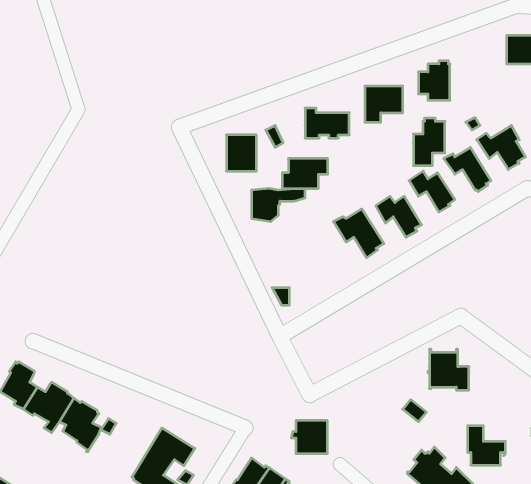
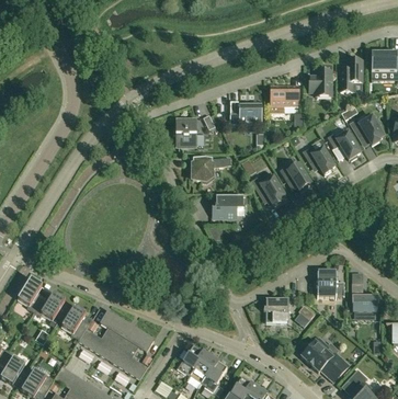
building: [413,118,445,166] -> [340,57,362,90]
building: [282,159,328,188] -> [212,196,243,217]
building: none -> [79,309,130,357]
building: [291,421,327,454] -> [263,298,288,321]
building: [468,426,505,465] -> [352,283,378,310]

